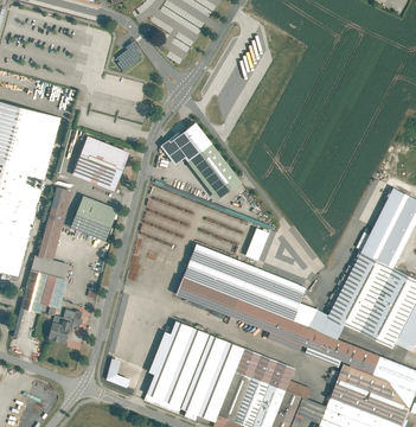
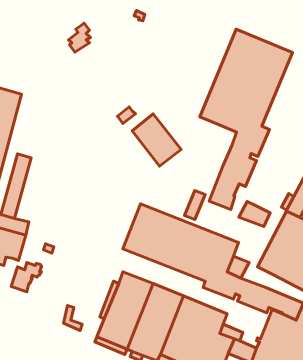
building: none -> [200,29,293,209]
building: [72,136,128,192] -> none
building: [73,198,114,237] -> none
building: [309,310,345,338] -> [239,201,270,227]

